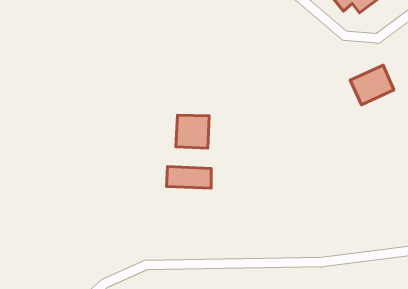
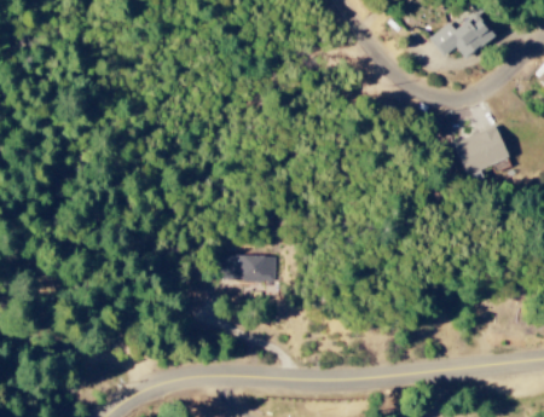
building: [176,115,209,148] -> none

